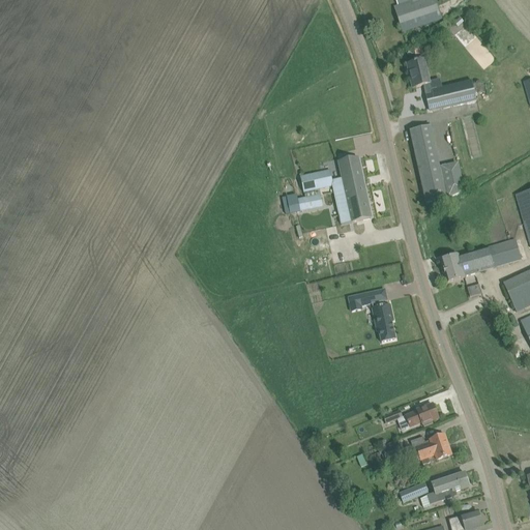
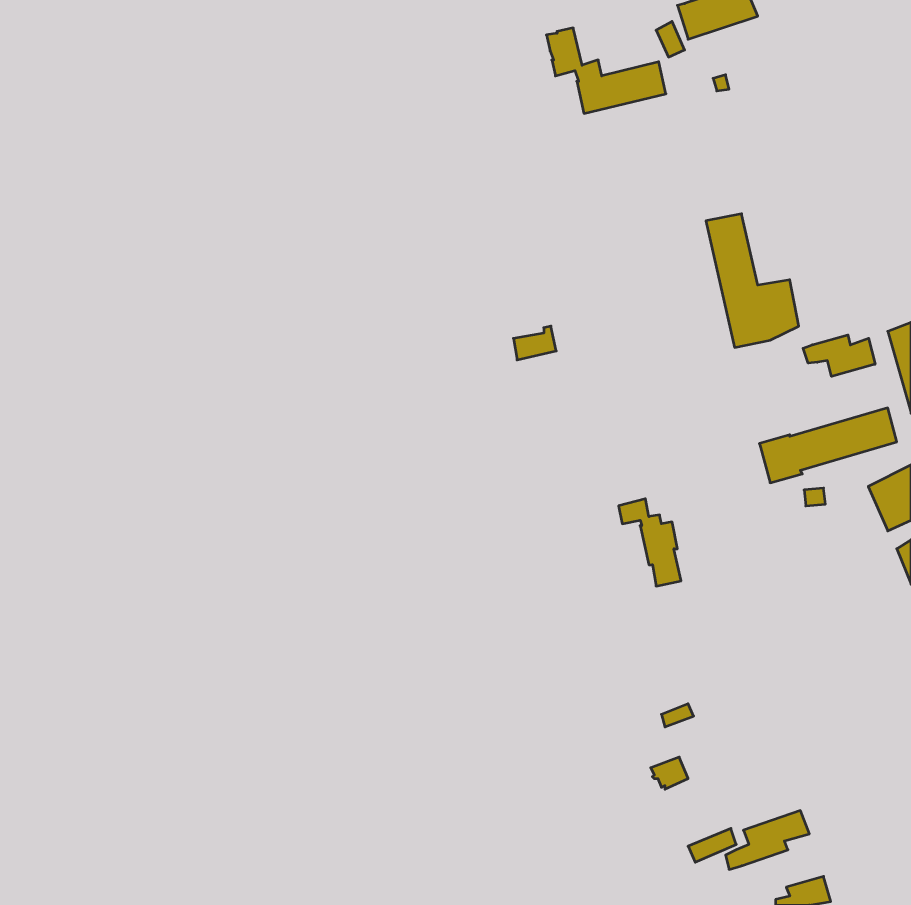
building: [408,58,477,108] -> [546,28,666,113]
building: [300,155,372,223] -> none
building: none -> [803,335,875,376]
building: [406,403,438,425] -> none
building: [411,434,451,463] -> none

